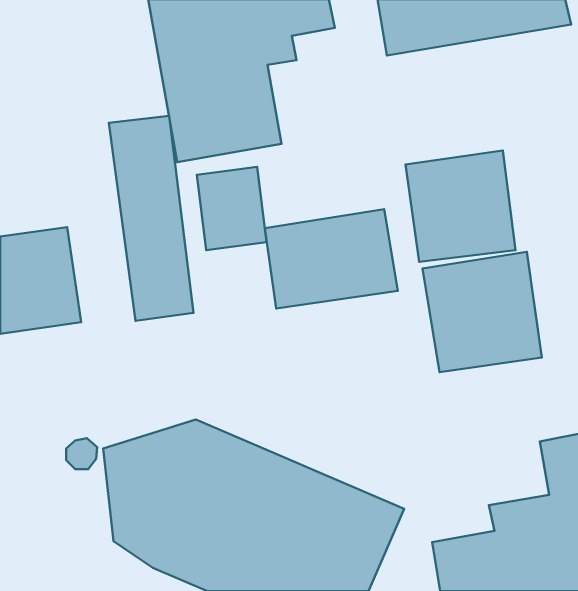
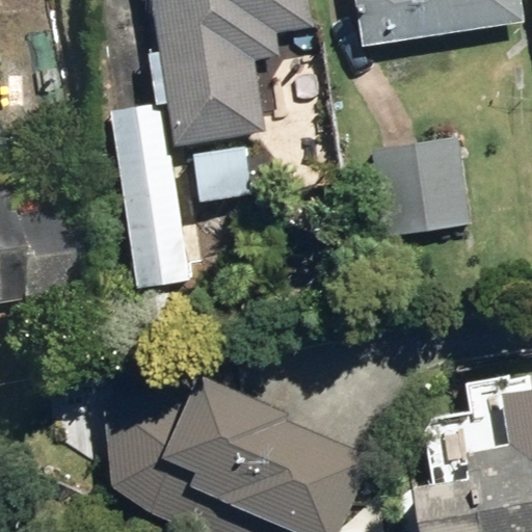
building: [265,209,398,308] -> none
building: [422,252,542,372] -> none

